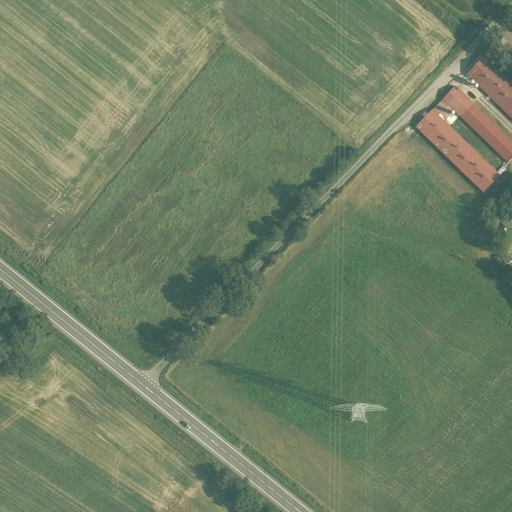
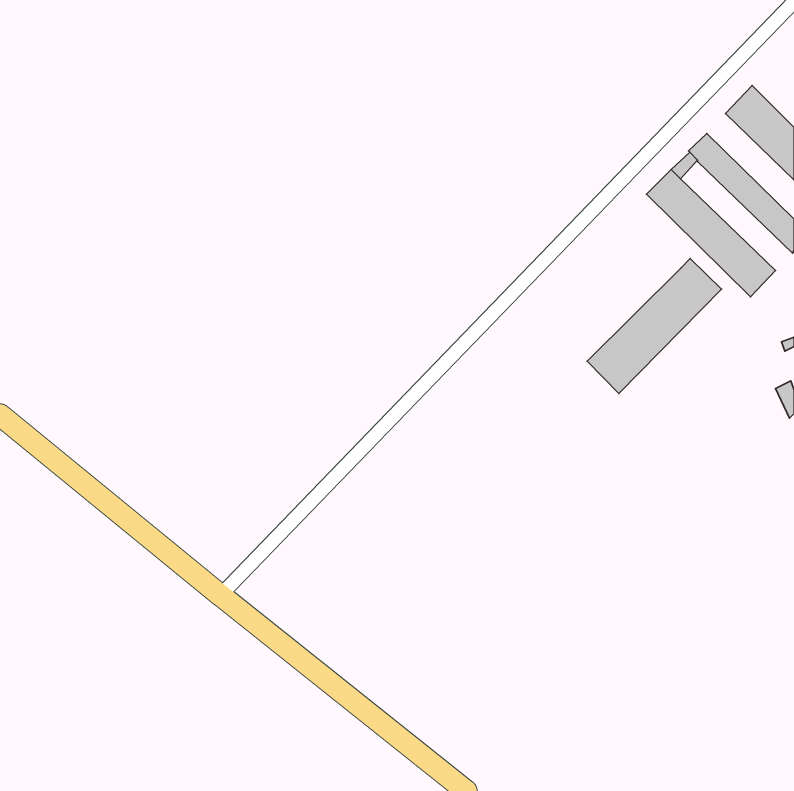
building: none -> [587,259,722,393]

